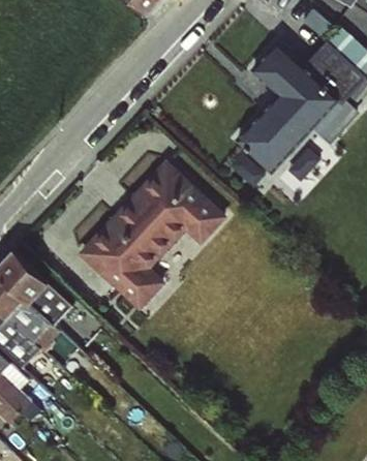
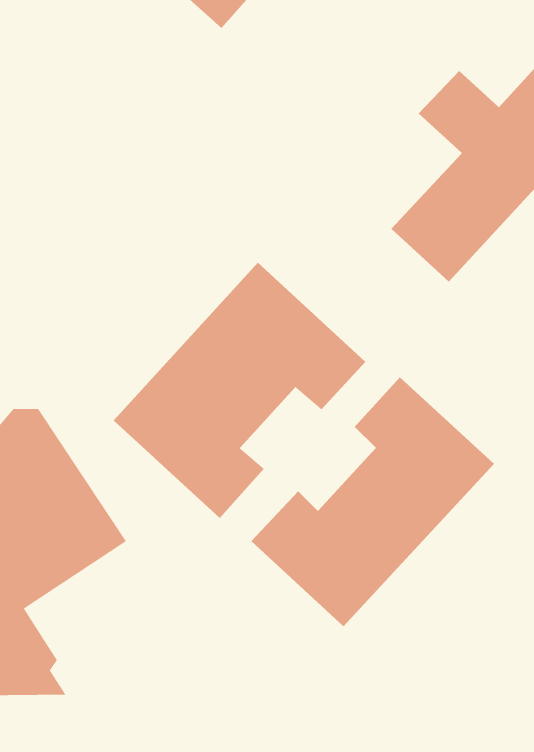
building: none -> [250,376,495,627]

